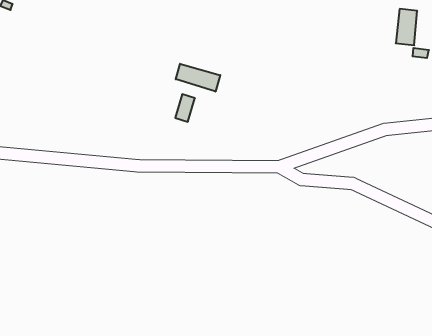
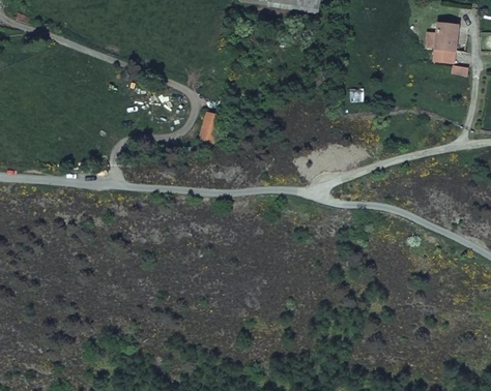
building: [176,64,220,92] -> none

